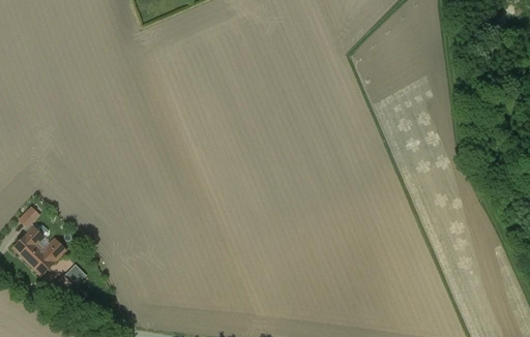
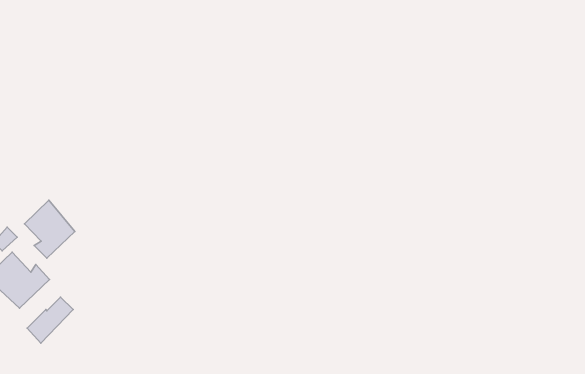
building: none -> [24,200,75,258]

